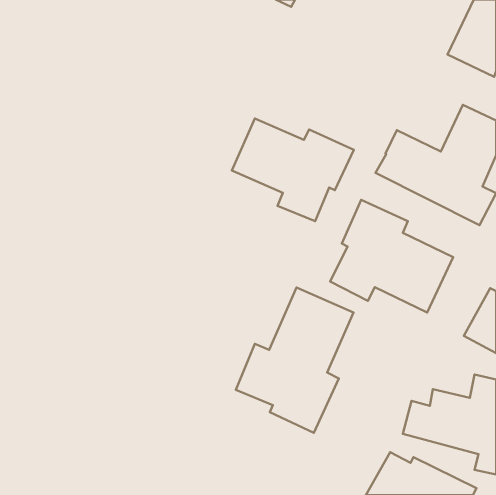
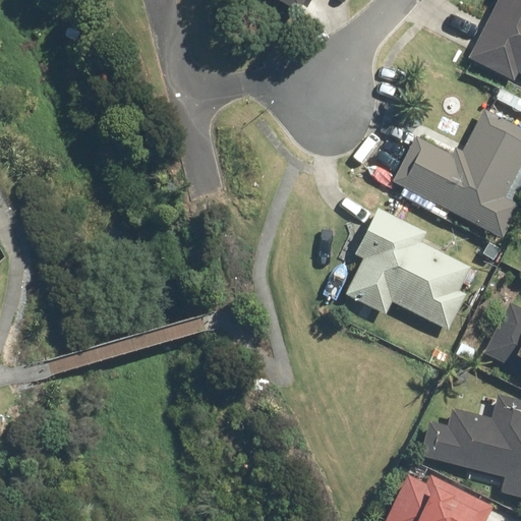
building: [232,118,354,221] -> none
building: [236,287,354,433] -> none

